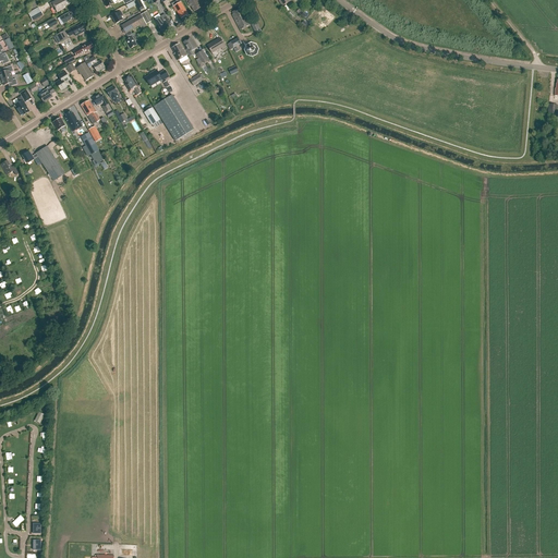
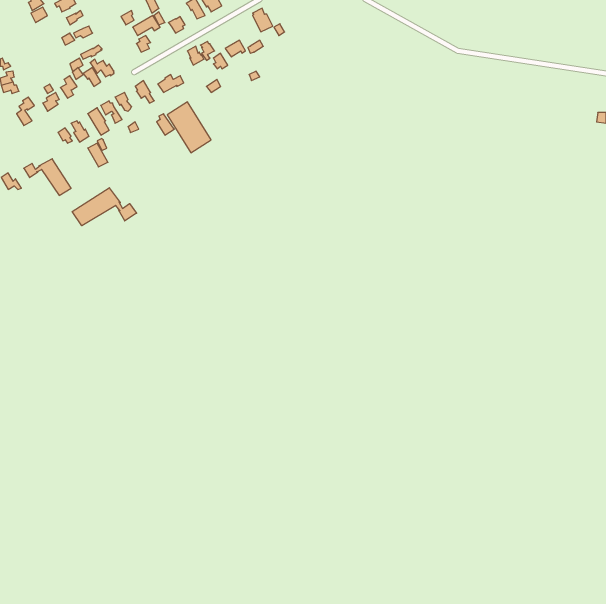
building: none -> [72,188,137,226]

